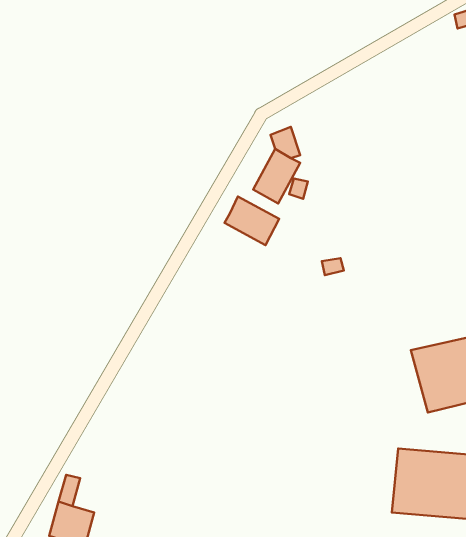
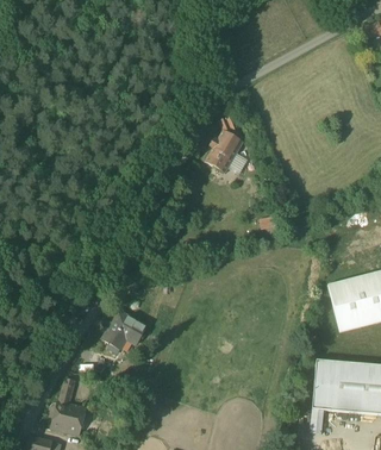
building: [224,197,279,245] -> none
building: none -> [101,310,146,348]

